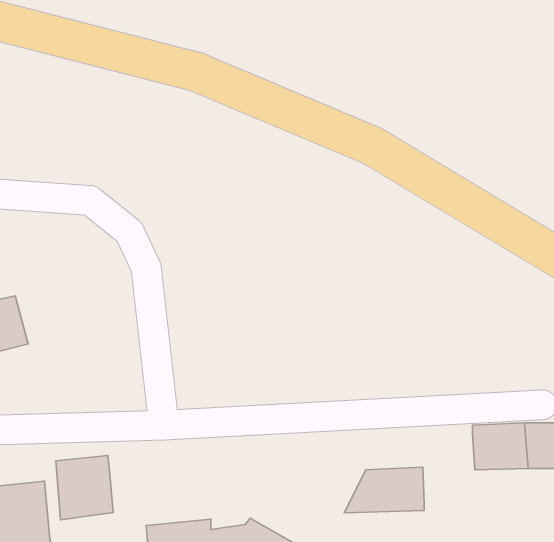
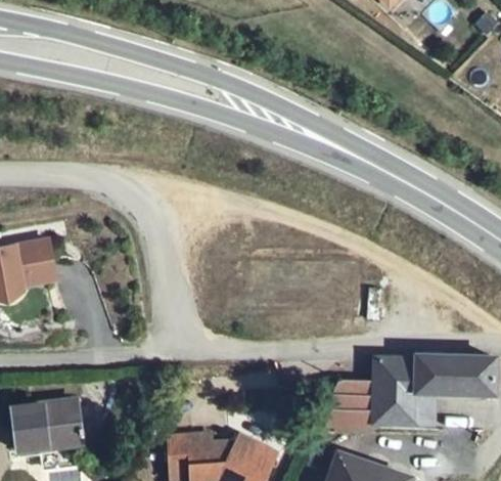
building: none -> [382,363,427,419]
building: [56,455,113,520] -> none

